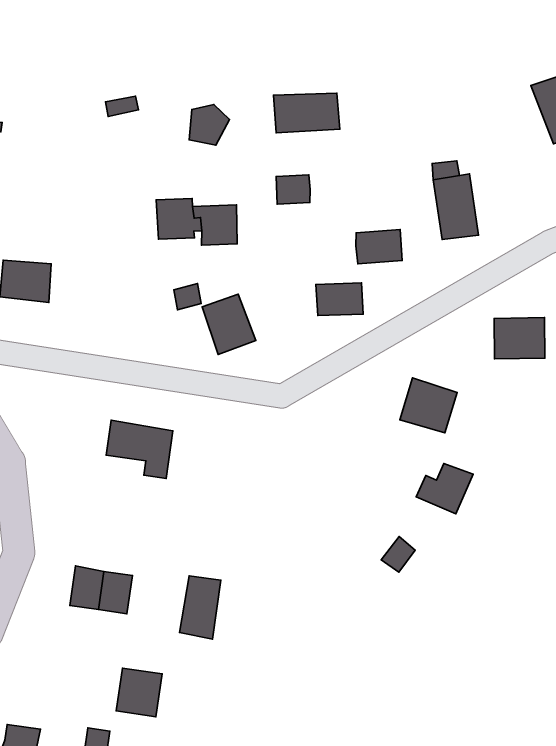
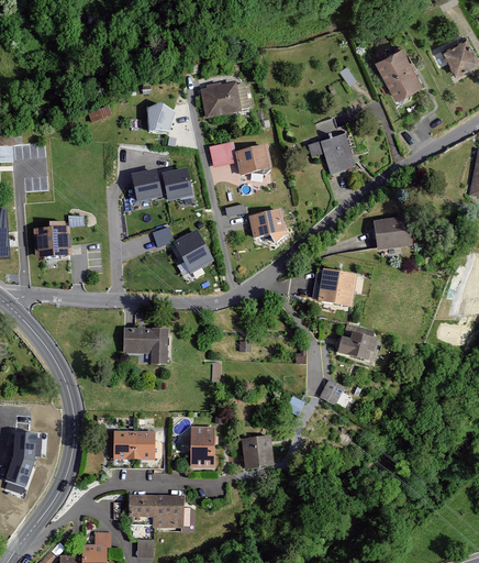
building: [356,229,402,264] -> [235,146,269,174]
building: none -> [242,437,272,467]
building: none -> [129,495,155,526]

